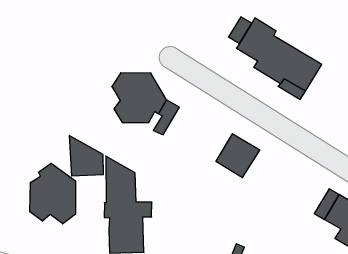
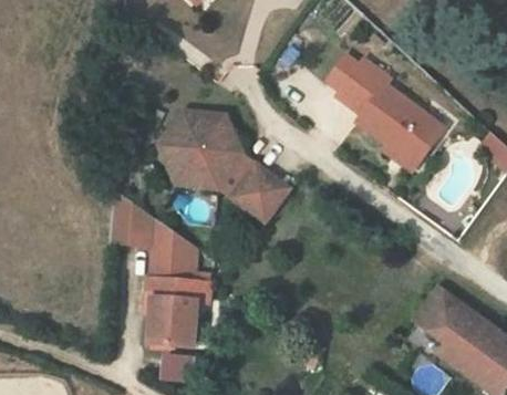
building: none -> [155,124,232,190]
building: [216,134,260,178] -> [231,164,289,221]
building: [30,163,76,224] -> none

